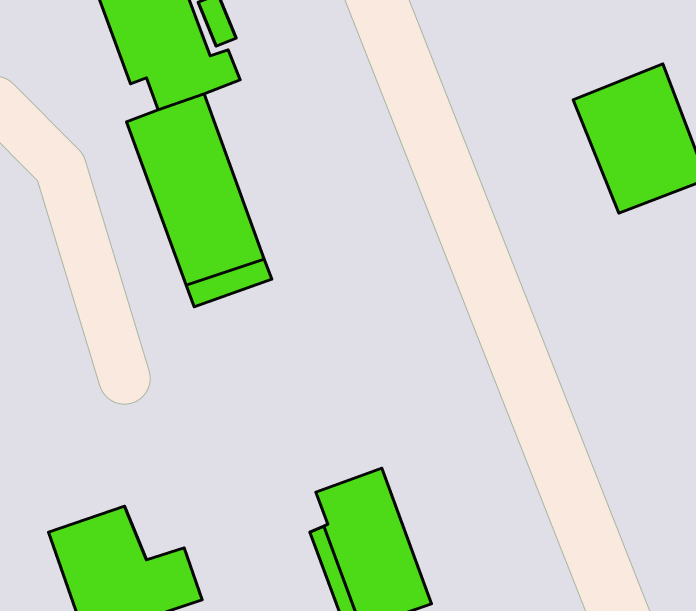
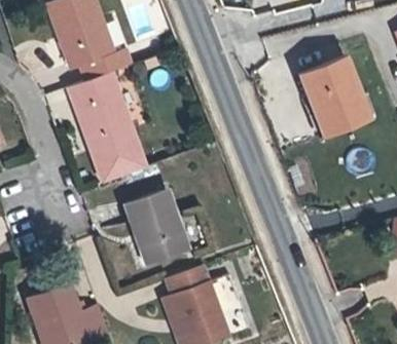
building: none -> [125,190,186,262]

